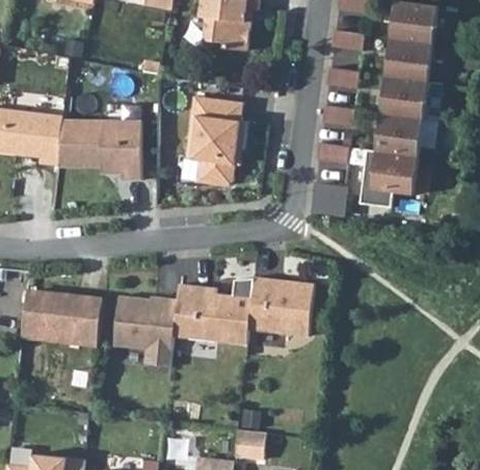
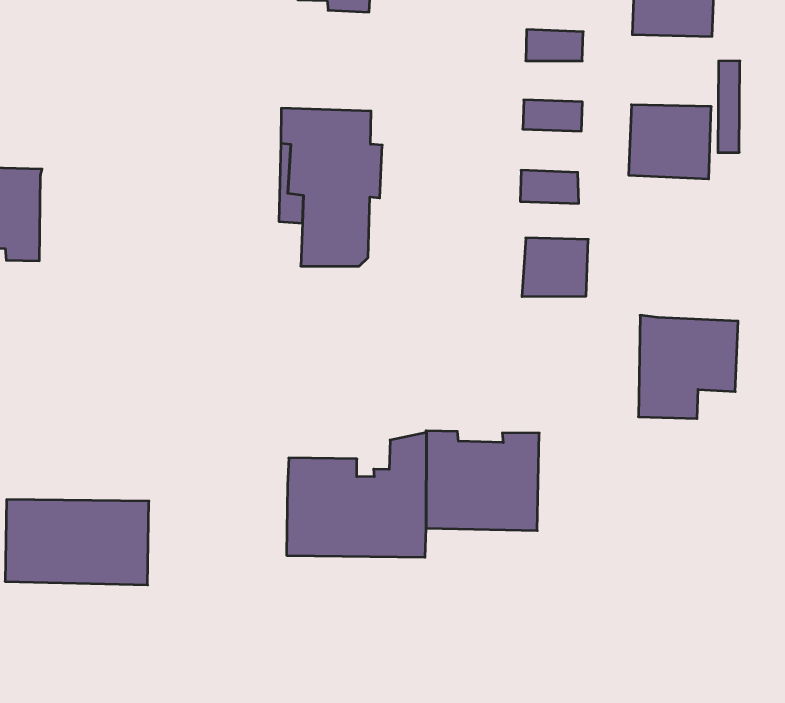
building: [380,76,427,119] -> none
building: [56,120,140,180] -> none
building: [359,149,418,207] -> [638,315,738,419]
building: [113,295,177,366] -> none

